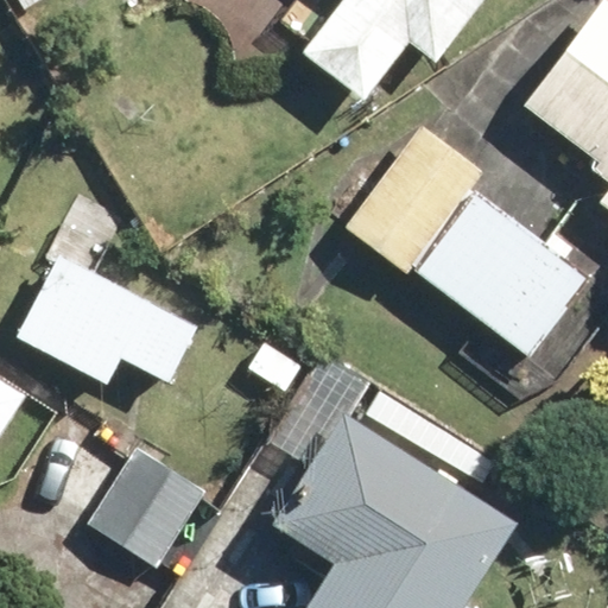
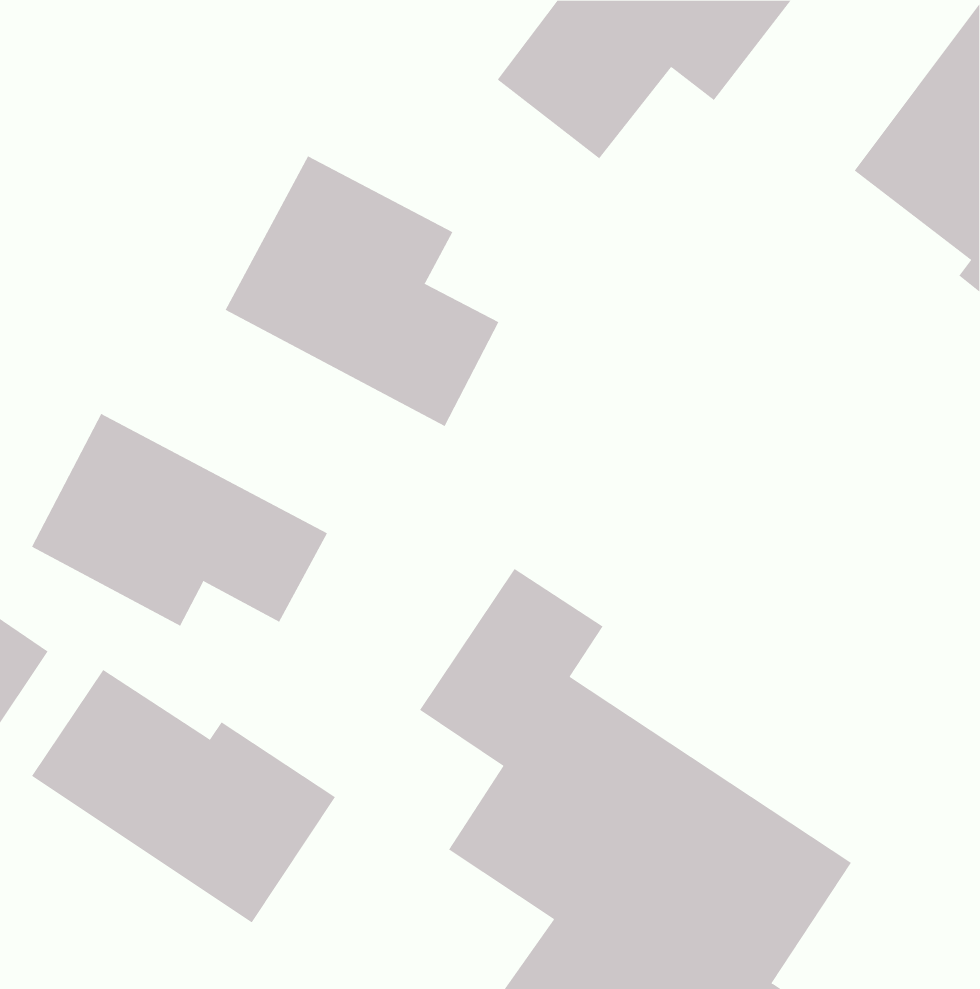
building: none -> [225,155,499,427]
building: [342,125,590,359] -> none

